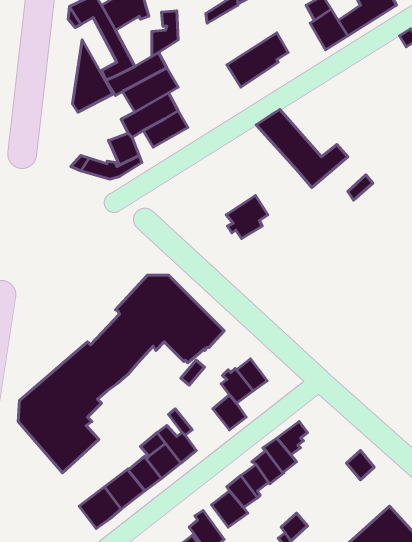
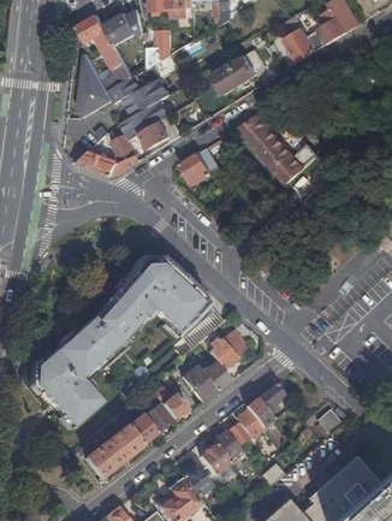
building: [226,195,268,239] -> [179,148,215,185]
building: none -> [179,366,214,403]

